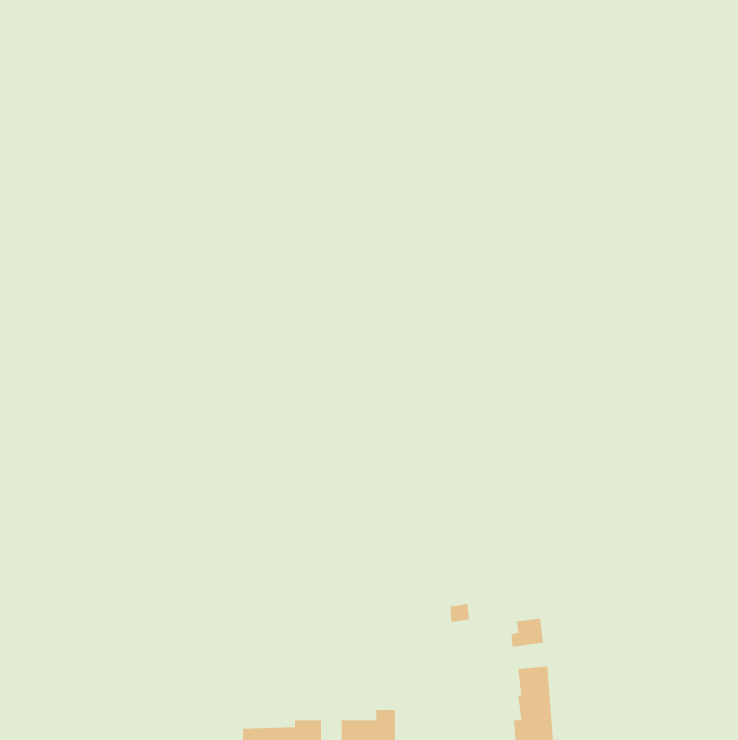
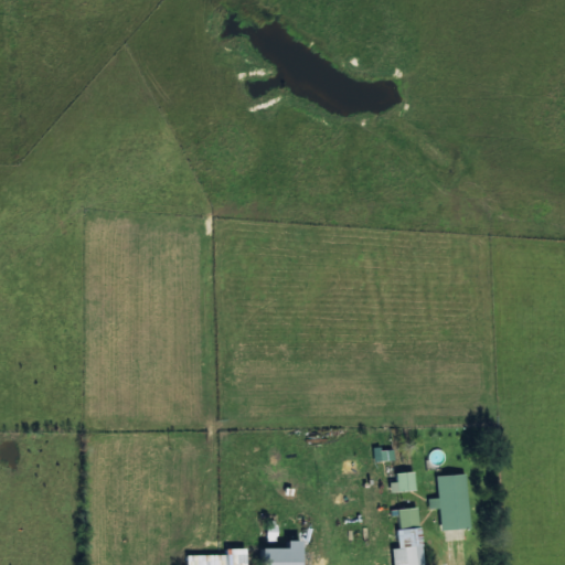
building: none -> [429,475,470,531]

